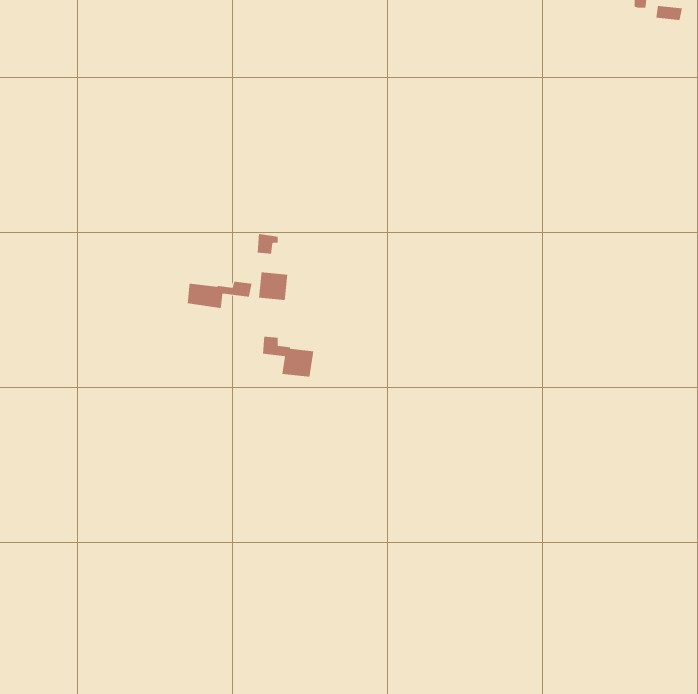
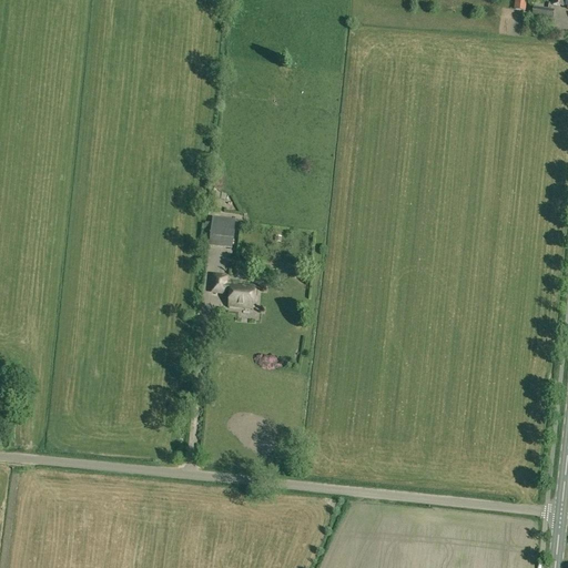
building: [187,281,252,309] -> none

